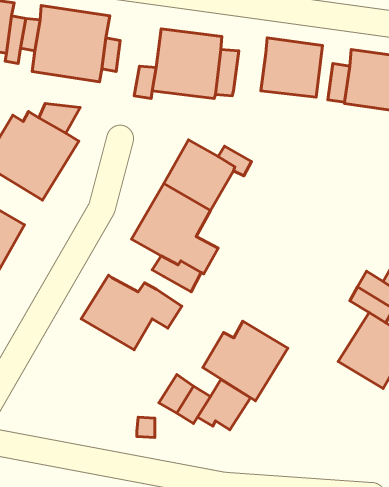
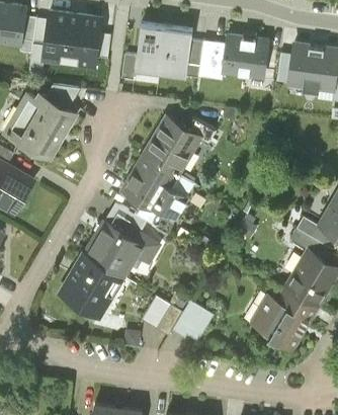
building: none -> [201,42,227,77]
building: none -> [106,204,147,232]
building: none -> [60,253,123,323]
building: [203,321,288,401] -> [252,286,319,349]

